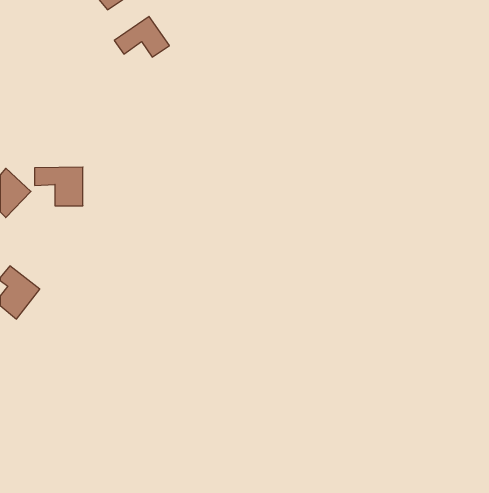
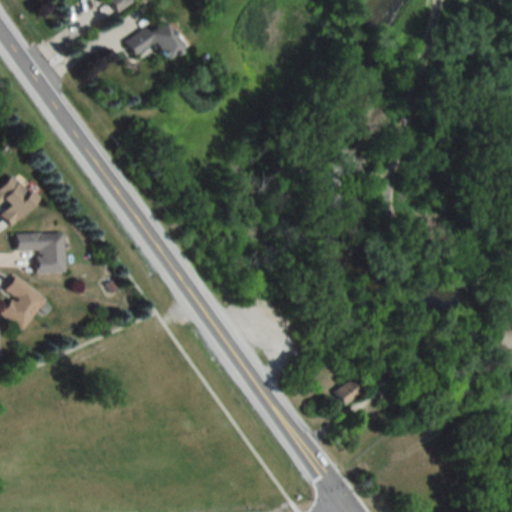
building: [35,167,83,206] -> [16,232,66,272]
building: none -> [333,378,362,405]

